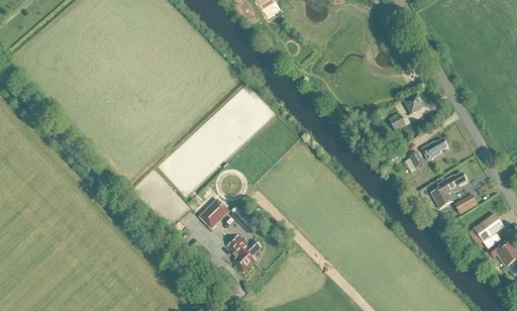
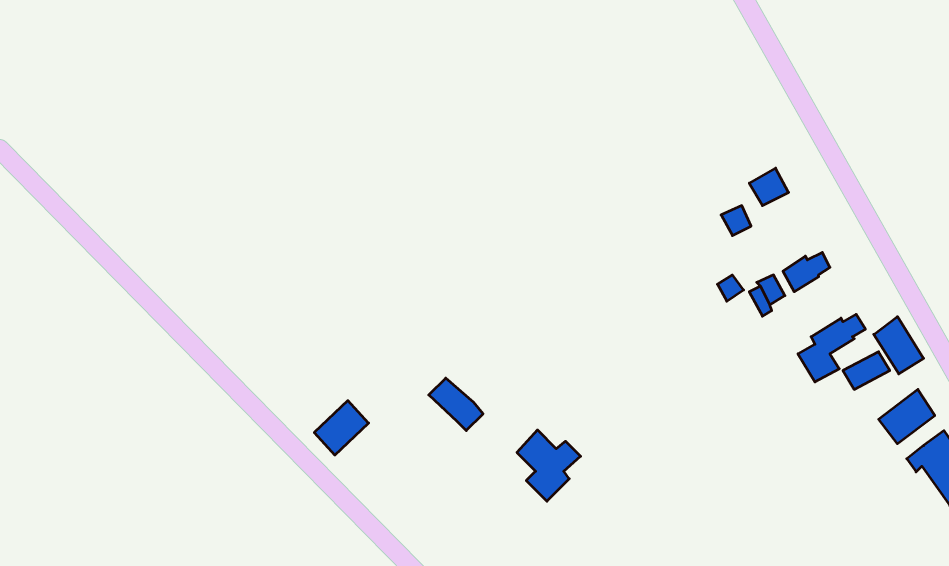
building: none -> [874,317,924,374]
building: [200,199,229,228] -> [314,401,369,455]
building: [227,233,262,272] -> [517,430,581,501]

